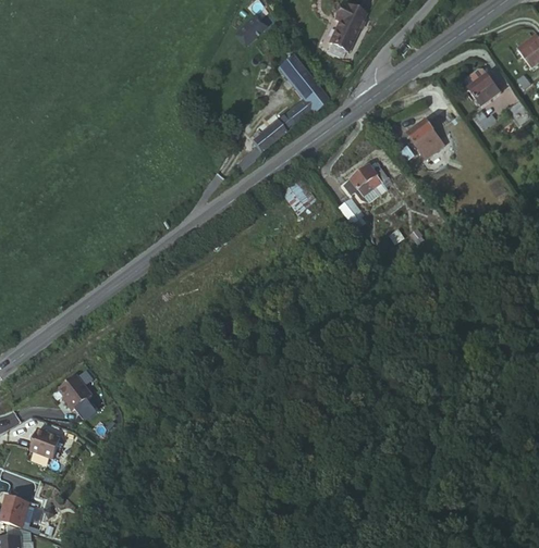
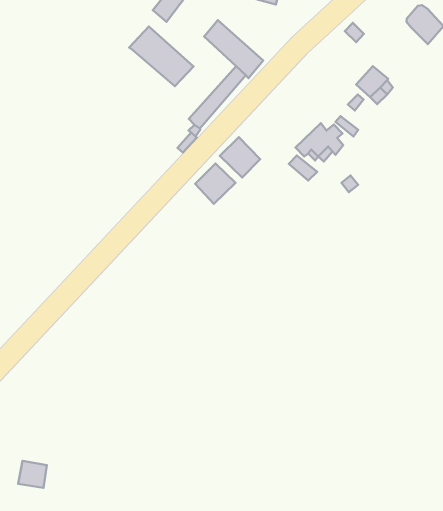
building: none -> [129,27,193,86]
building: none -> [195,164,236,204]
building: [61,374,98,419] -> none

